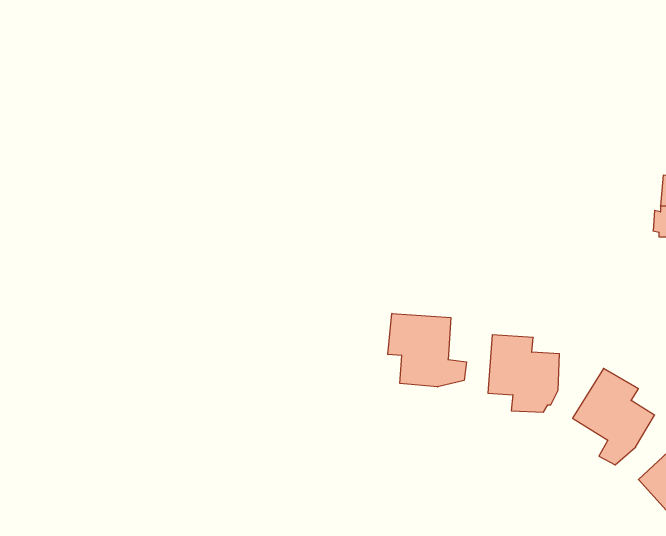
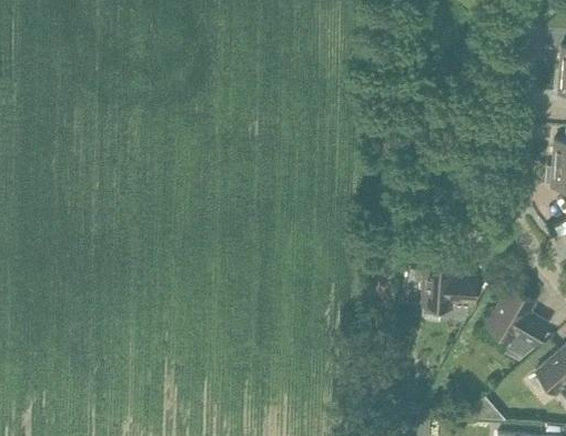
building: [388,313,466,387] -> none

